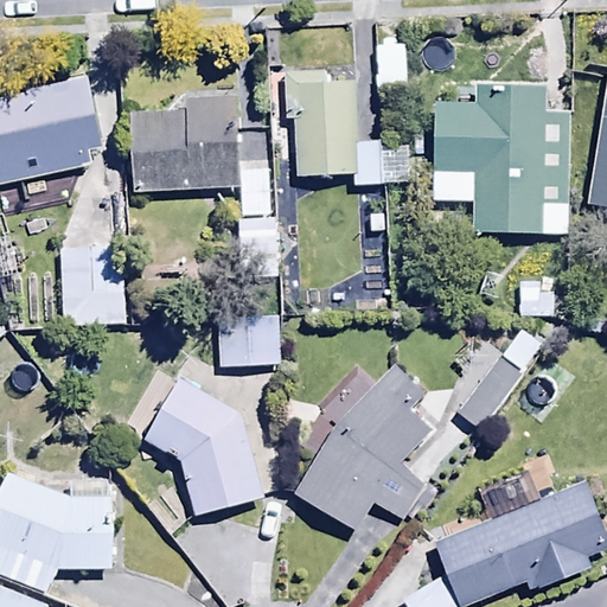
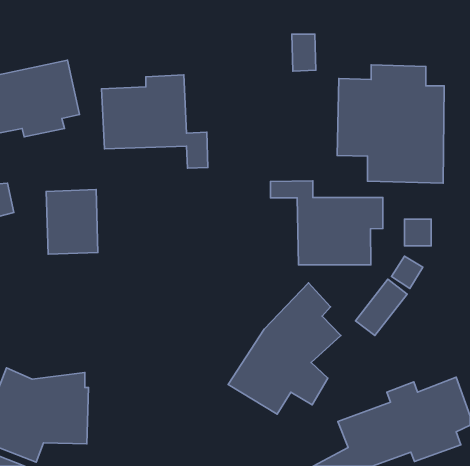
building: [285,70,407,185] -> none
building: none -> [270,181,383,265]
building: [219,314,280,365] -> none
building: [145,378,263,516] -> none

